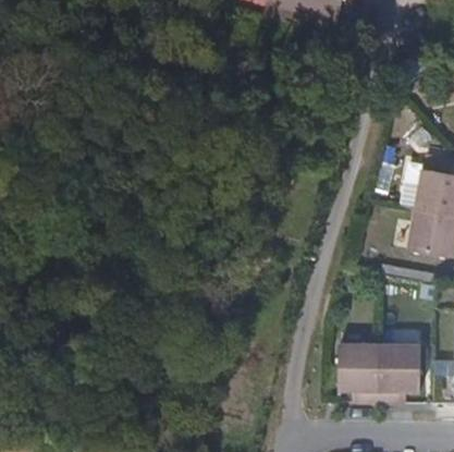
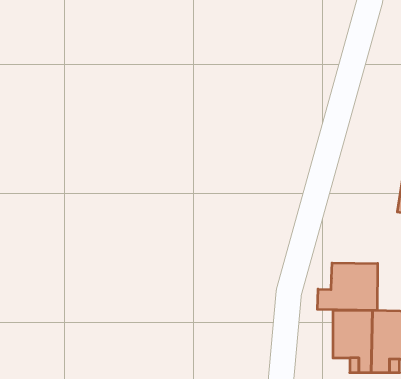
building: none -> [317,263,378,310]

